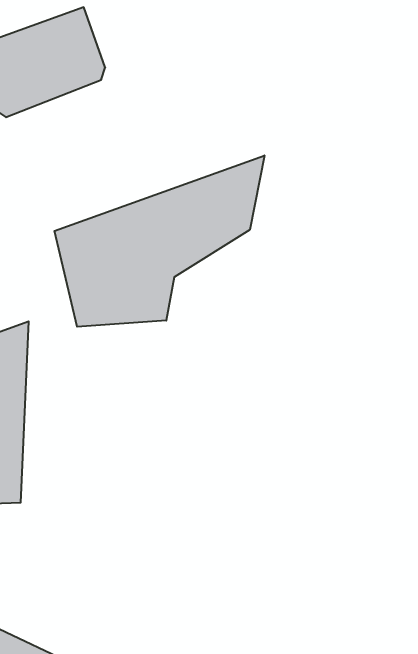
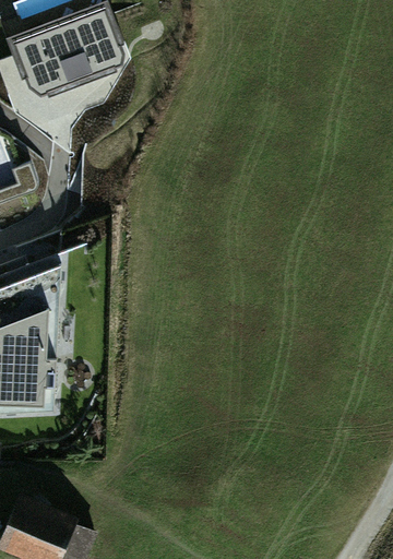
building: [54,155,264,327] -> none

